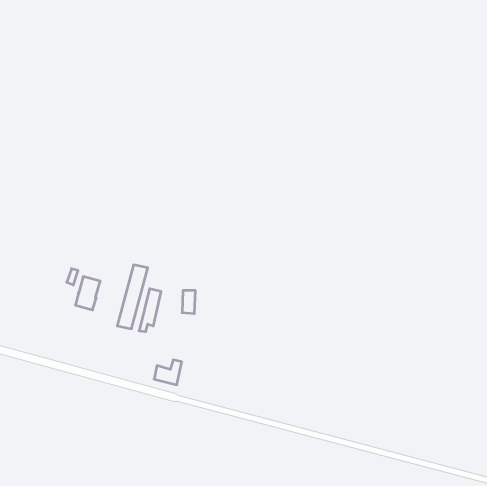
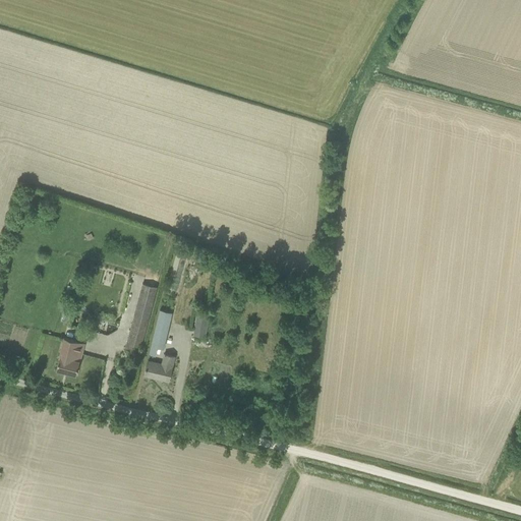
building: [75,277,100,310] -> [57,339,83,374]
building: [154,360,182,385] -> [144,355,174,382]

